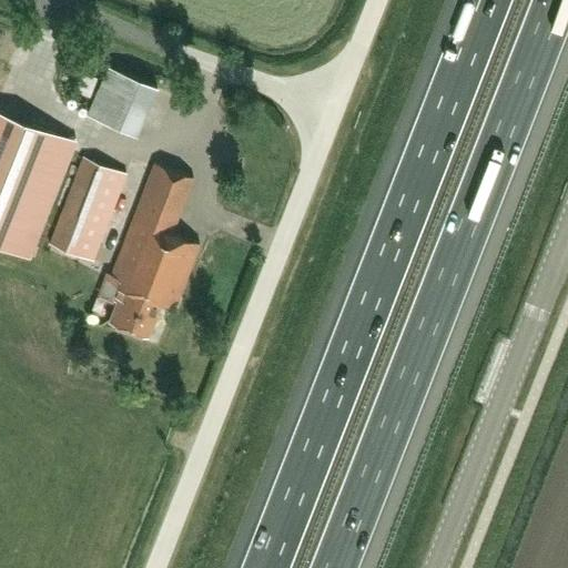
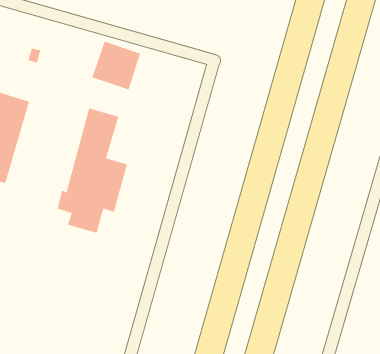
building: [87,67,158,138] -> [91,41,141,90]
building: [50,159,125,262] -> none

